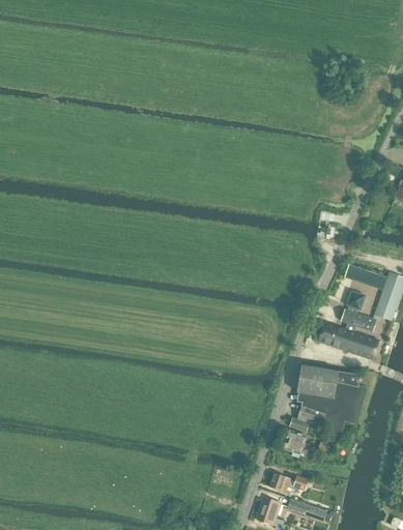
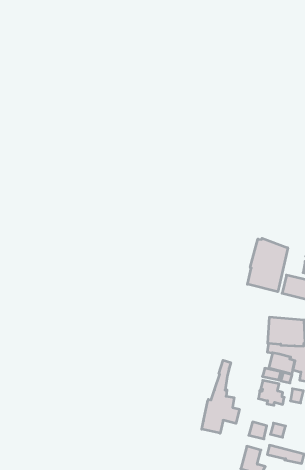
building: none -> [247,238,288,292]
building: none -> [202,360,239,433]

